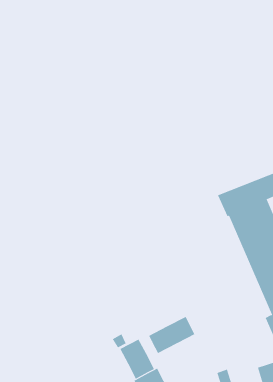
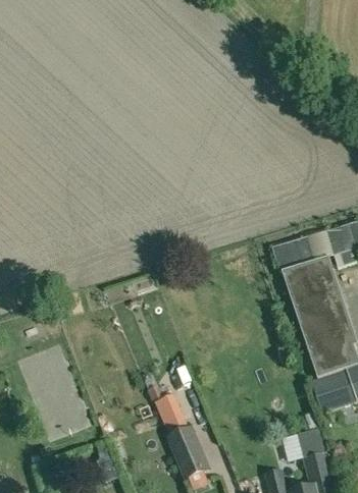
building: [148,316,195,354] -> none

